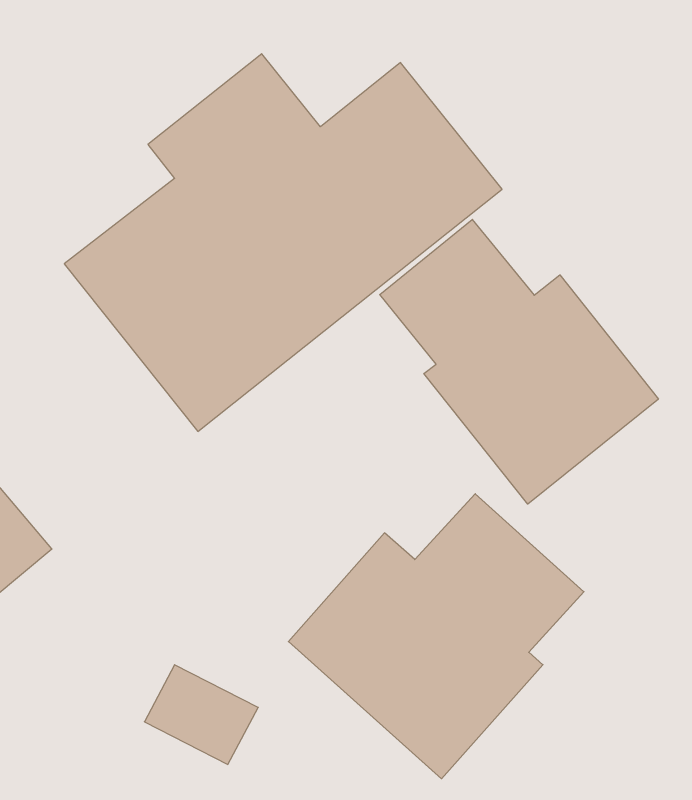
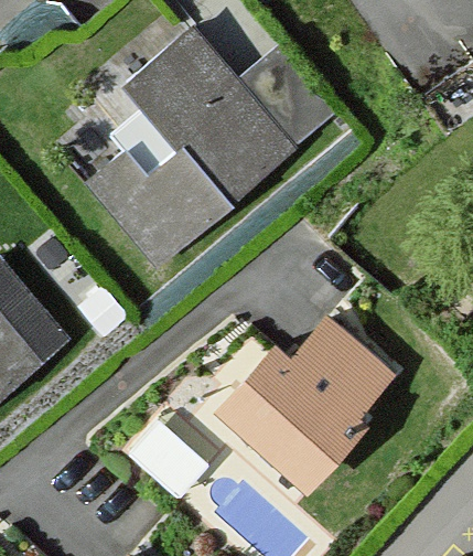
building: [380,219,658,504] -> none

